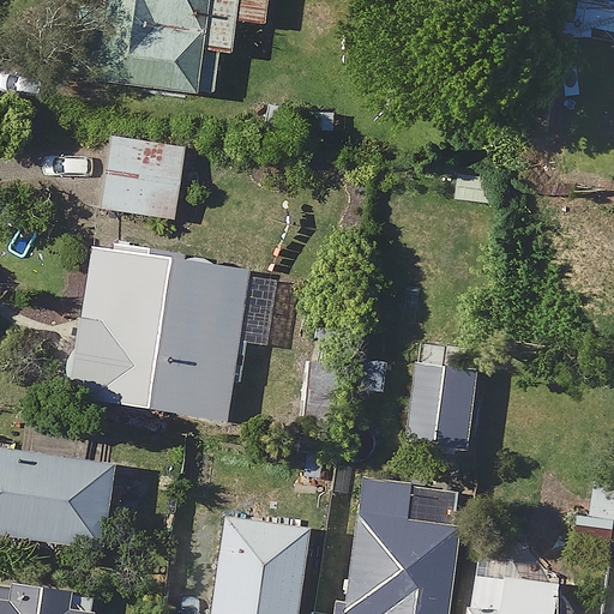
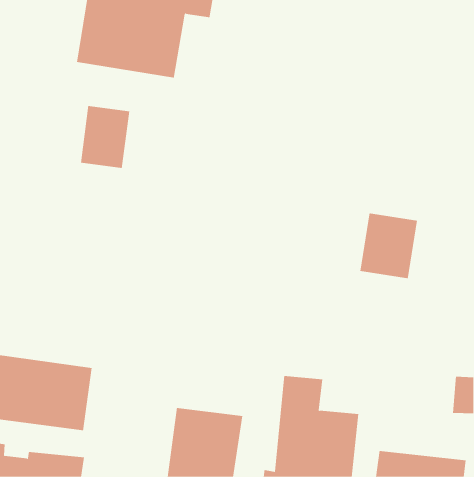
building: [68,245,272,422] -> none
building: [408,366,482,450] -> [359,213,418,279]

